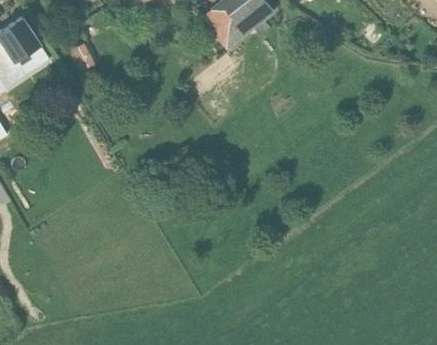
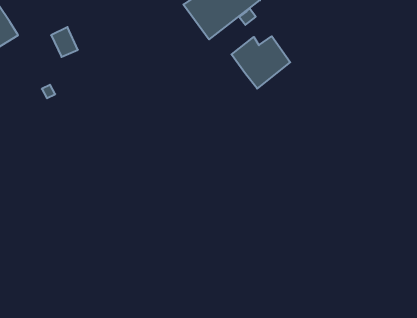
building: none -> [231,36,290,89]

